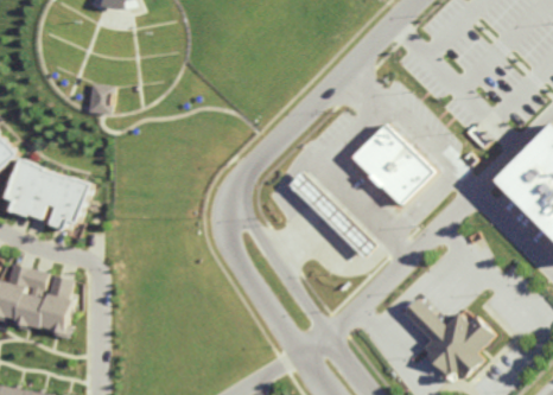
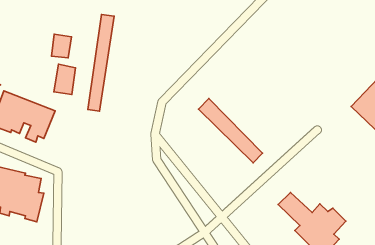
building: none -> [88,14,114,111]
building: none -> [54,64,75,94]
building: [349,125,430,204] -> none

